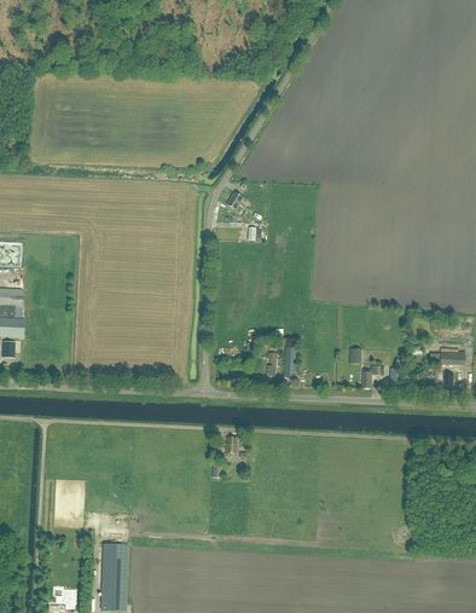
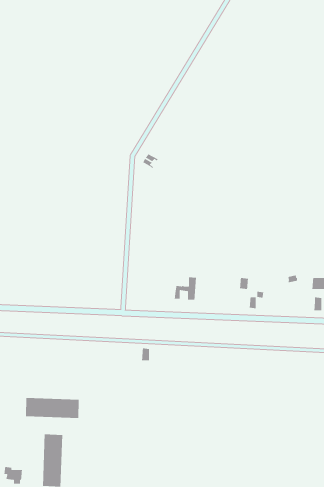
building: none -> [25,397,79,419]

